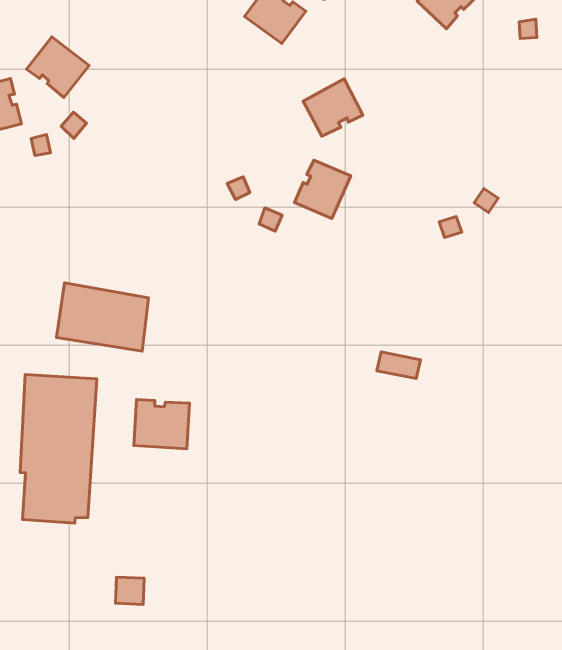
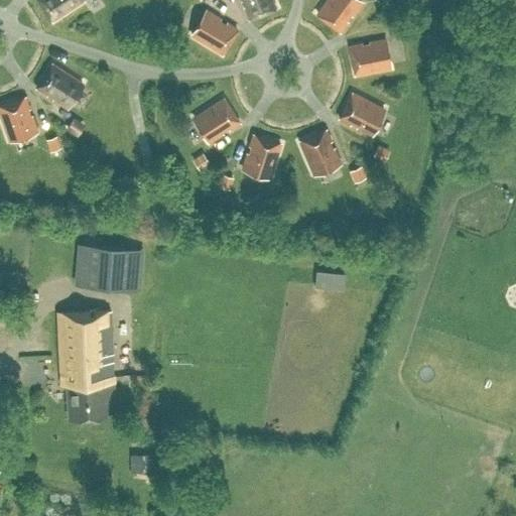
building: none -> [351,39,390,75]
building: [303,79,363,136] -> [195,99,239,142]
building: none -> [341,94,384,135]
building: none -> [300,131,341,174]
building: [134,400,189,449] -> none

